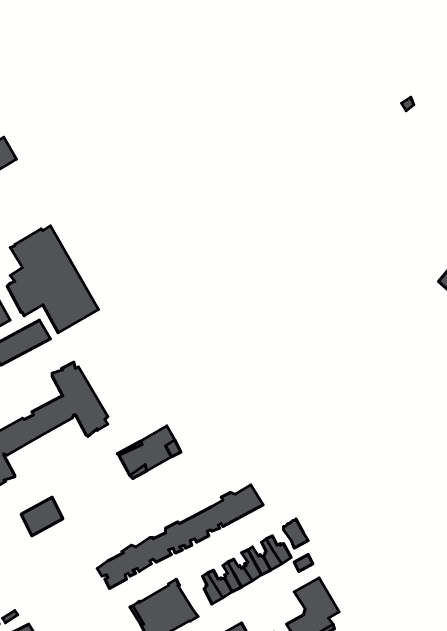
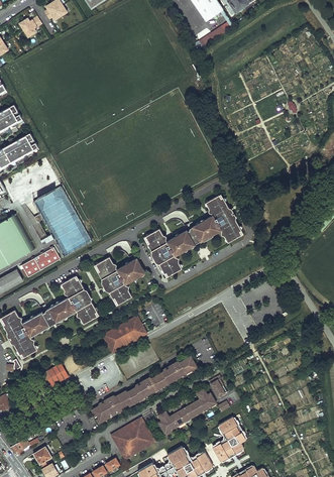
building: none -> [145,196,241,276]
building: none -> [96,257,145,306]

